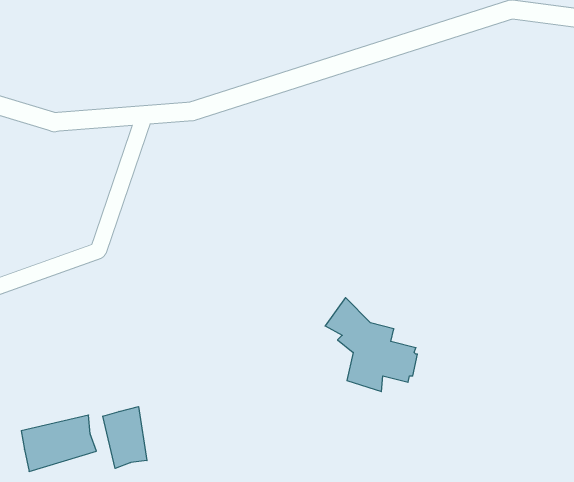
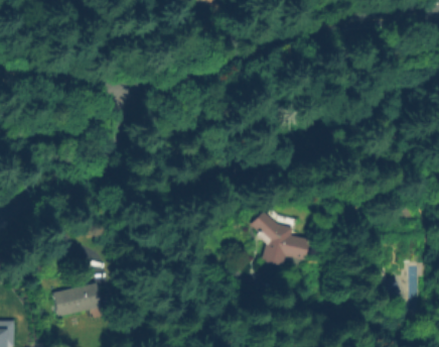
building: [103,407,147,468] -> none

